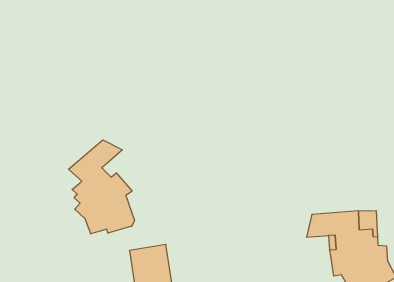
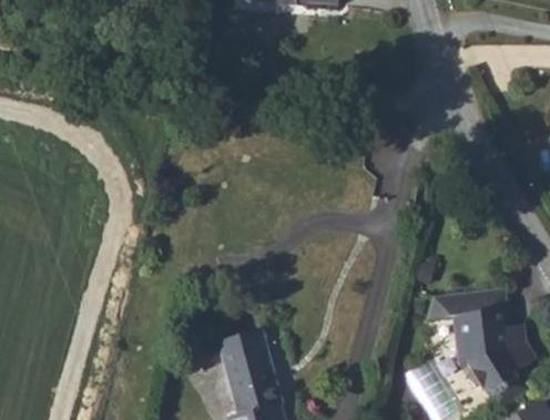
building: [69,140,134,234] -> none

